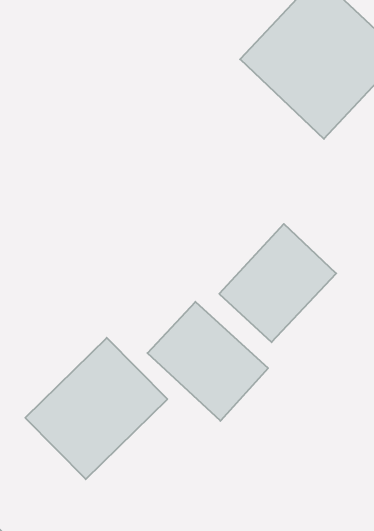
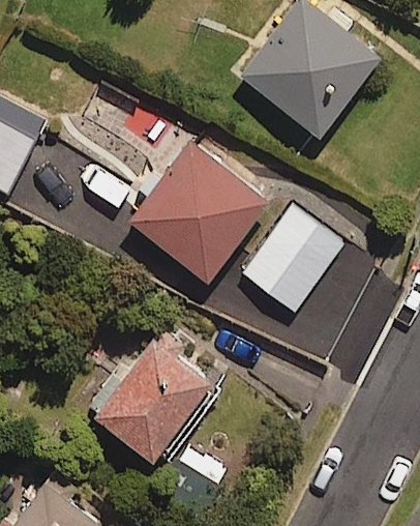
building: none -> [130,146,268,283]
building: [147,302,268,421] -> none

